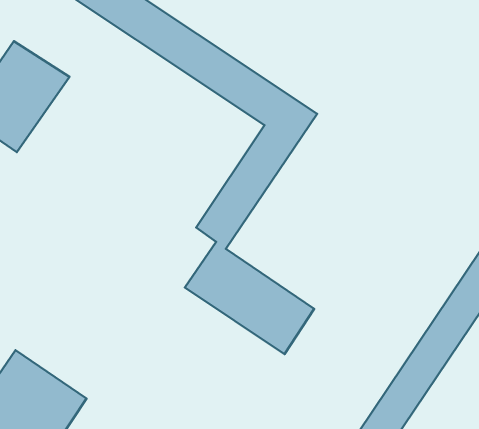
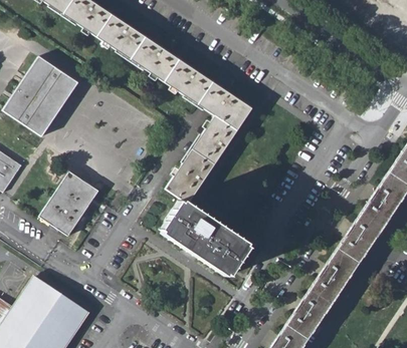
building: none -> [41,170,99,235]

